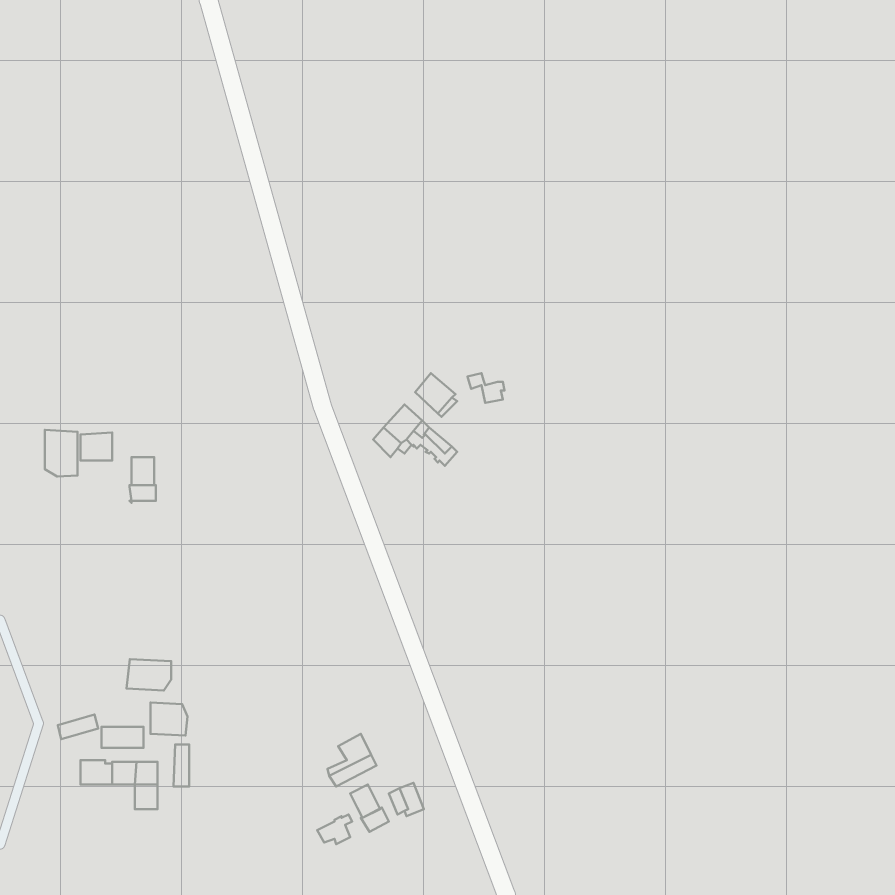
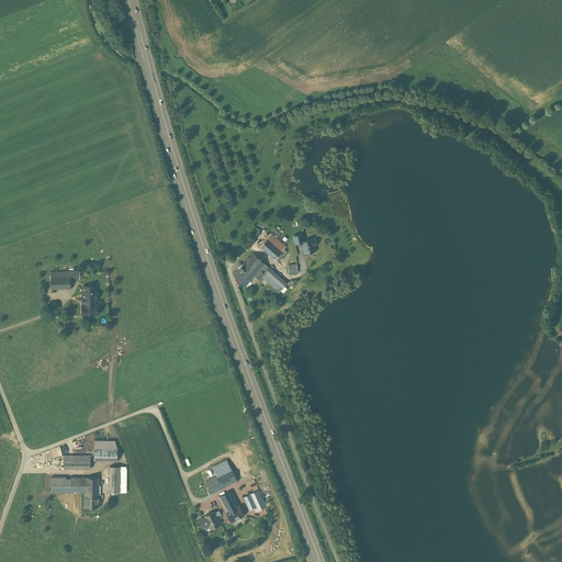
building: [45,430,77,476] -> none
building: [127,659,171,690] -> none

